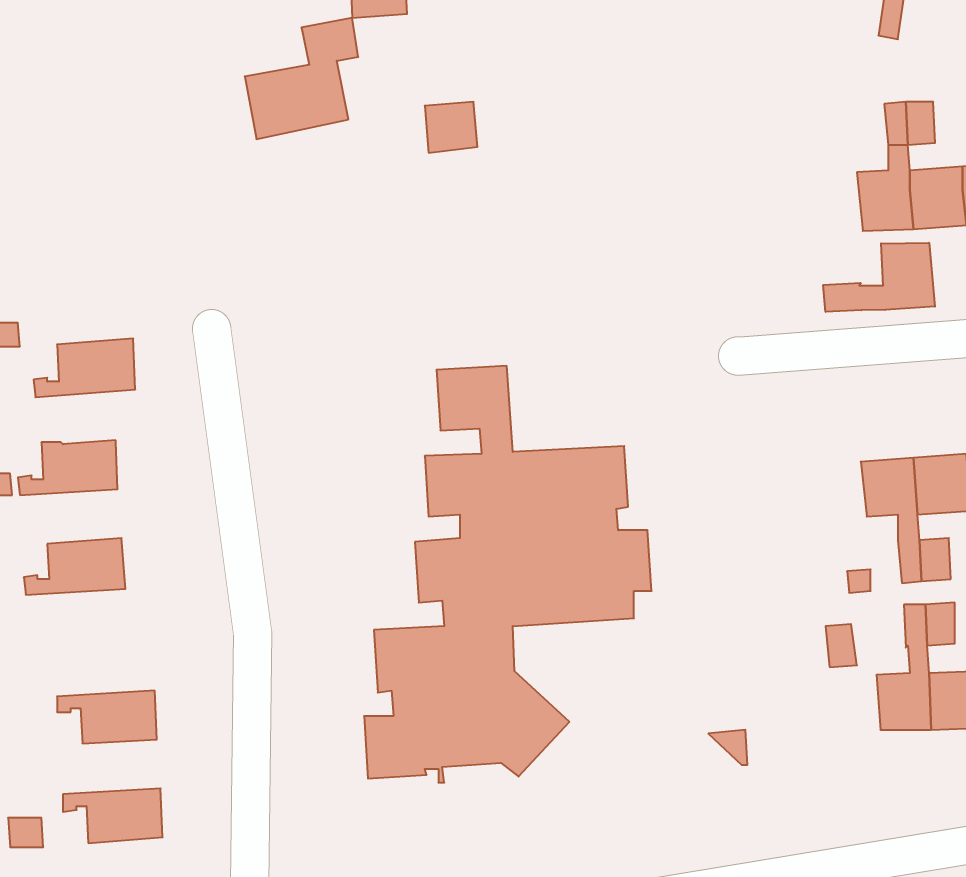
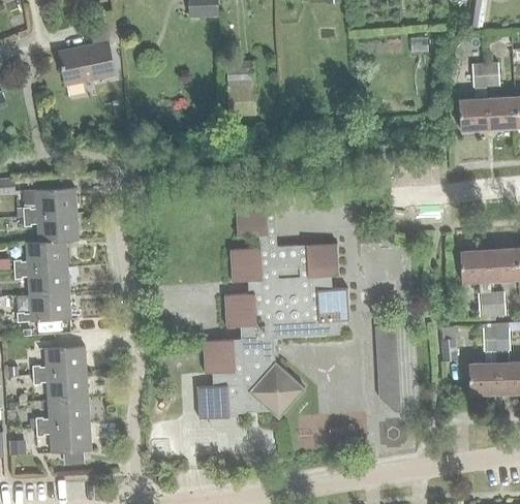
building: [245,18,358,139] -> [59,21,119,85]
building: [823,243,935,312] -> none
building: none -> [23,214,78,243]
building: none -> [14,266,68,295]
building: none -> [33,345,86,376]
building: none -> [36,399,89,428]

